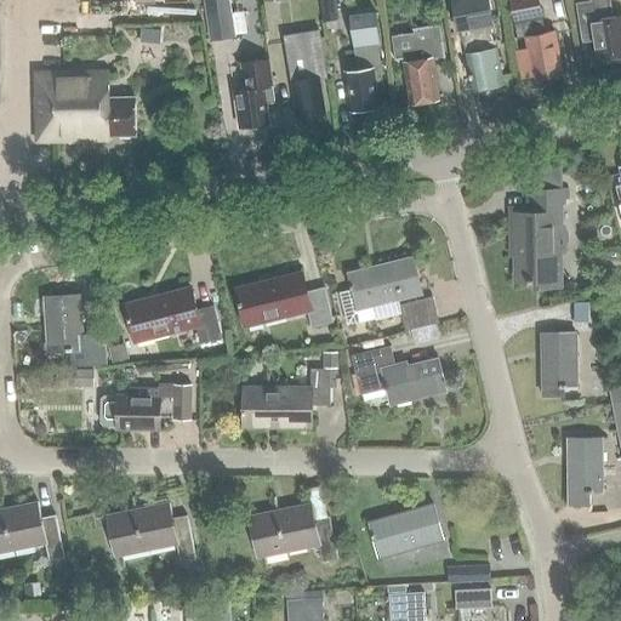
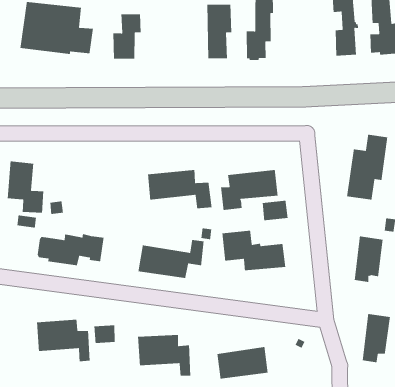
building: [392,23,445,103] -> none
building: [233,59,273,127] -> [113,13,142,60]
building: [125,289,221,342] -> none
building: none -> [94,324,116,344]

